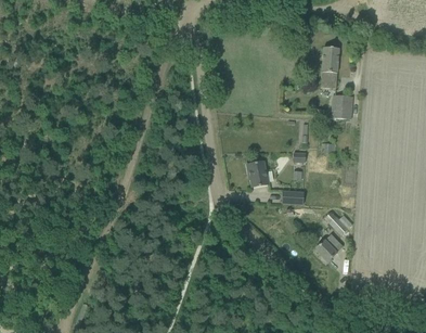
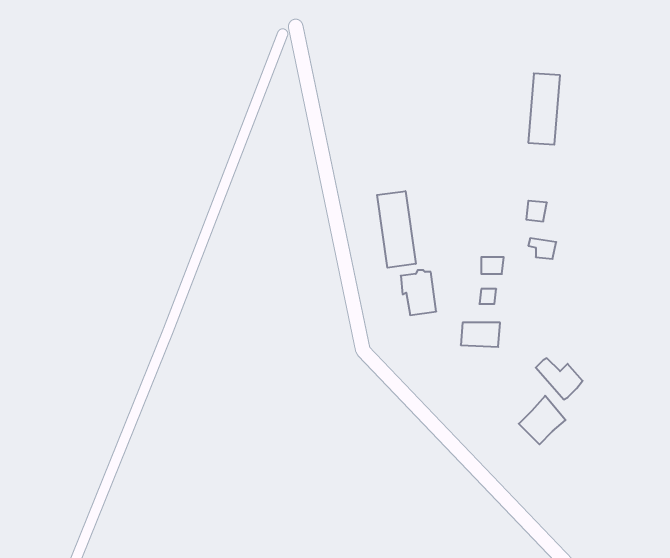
building: [331,94,351,119] -> none
building: none -> [377,191,416,268]

